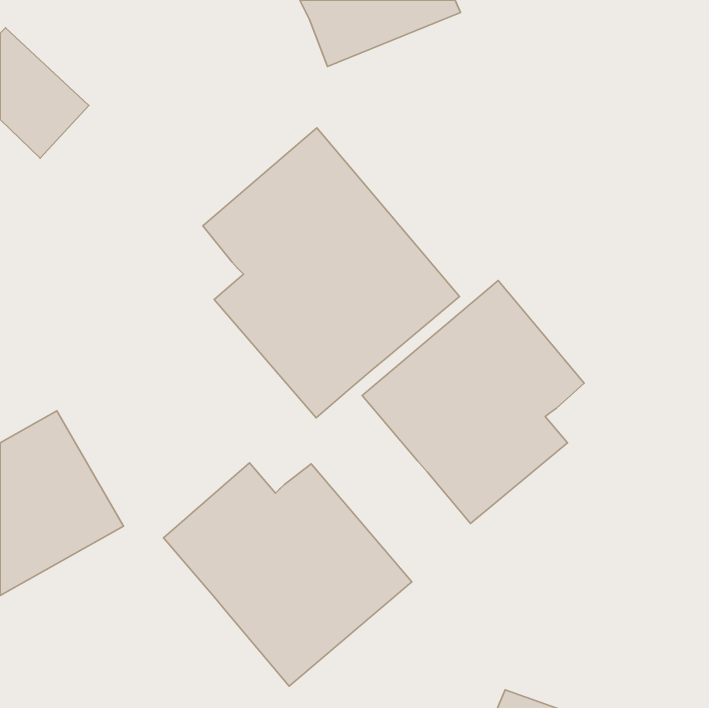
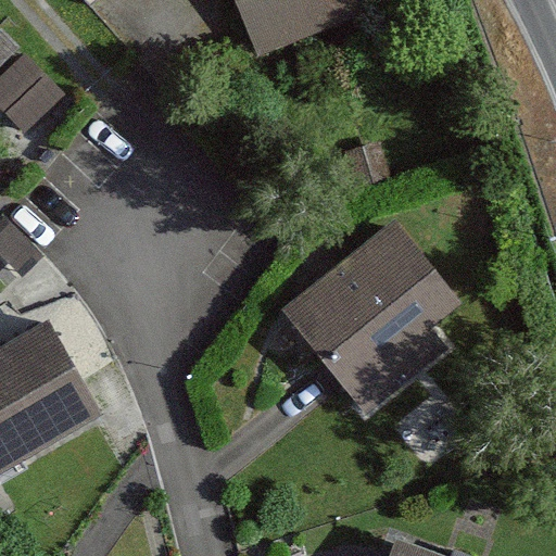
building: [203,128,459,418] -> none
building: [164,463,412,686] -> none

